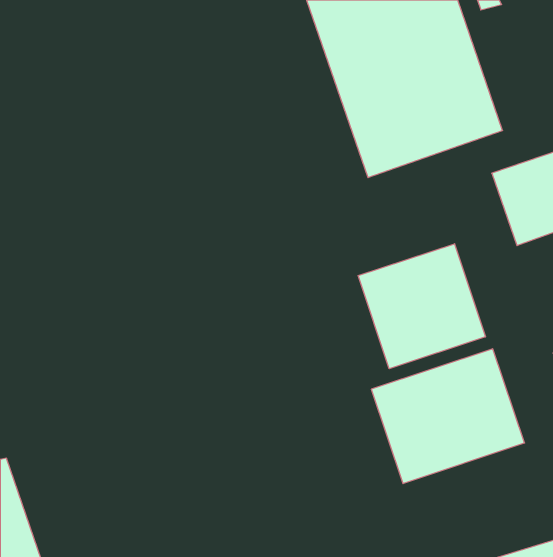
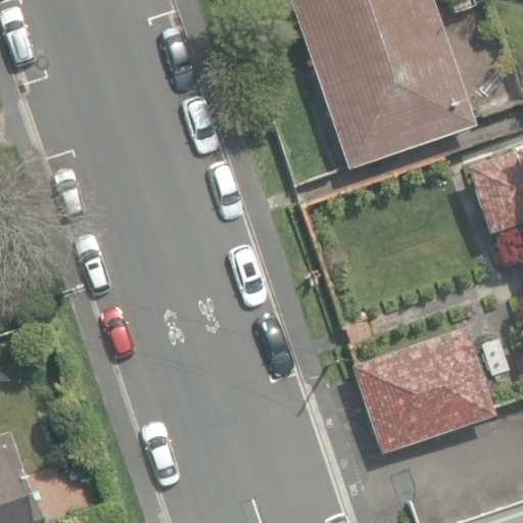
building: [358,244,485,369] -> none

